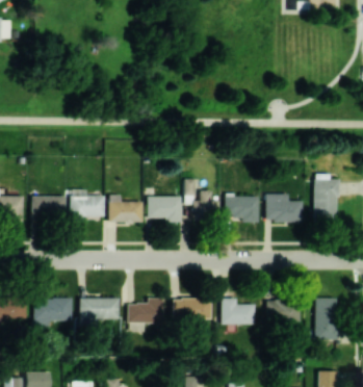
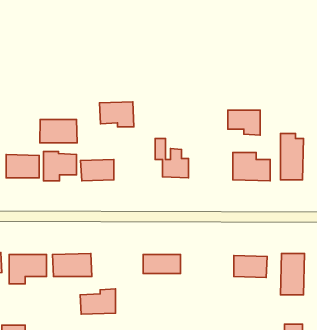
building: none -> [40,120,77,143]
building: [147,196,182,222] -> [99,102,134,127]
building: [225,197,258,223] -> [228,110,260,135]
building: [127,298,163,324] -> [80,289,115,314]
building: [221,299,255,325] -> none

